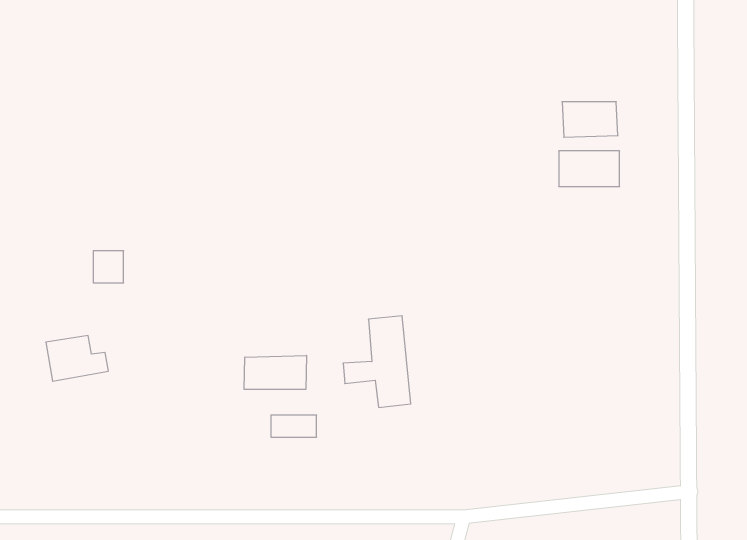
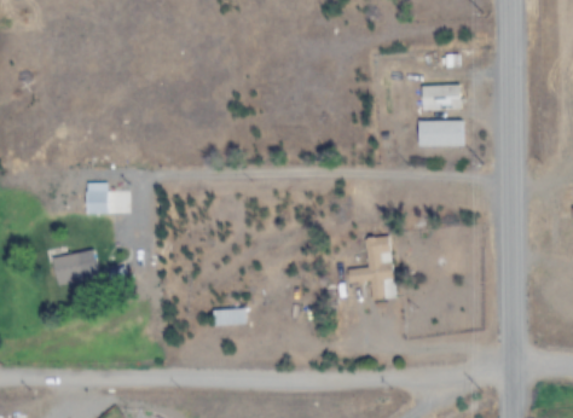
building: [343,316,411,407] -> [347,234,395,300]
building: [244,355,306,389] -> none

